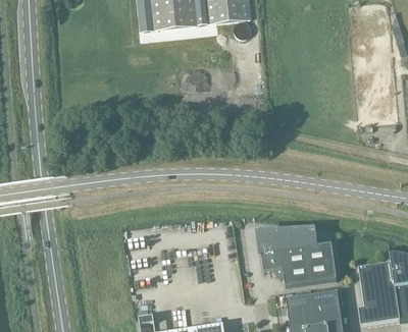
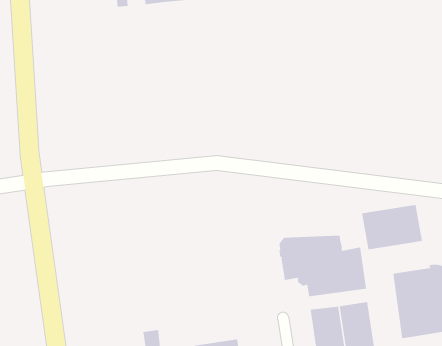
building: none -> [361,204,423,250]

